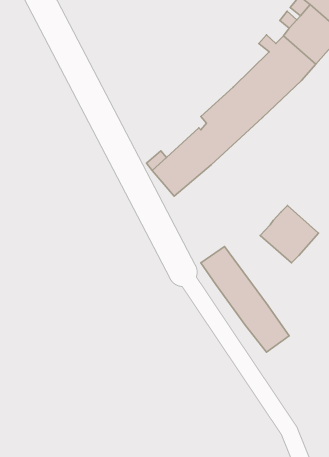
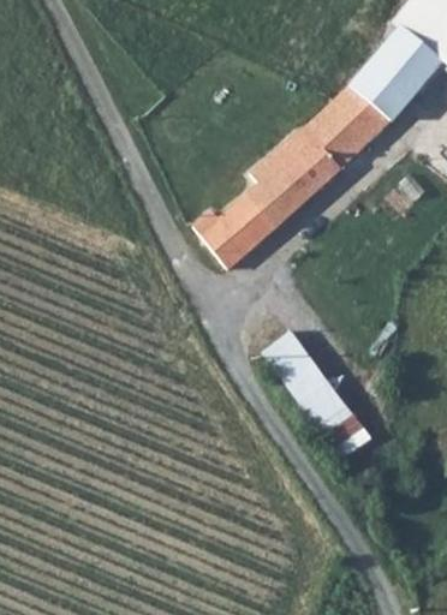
building: [260,206,319,263] -> none

